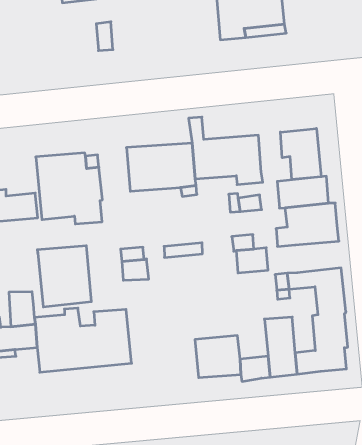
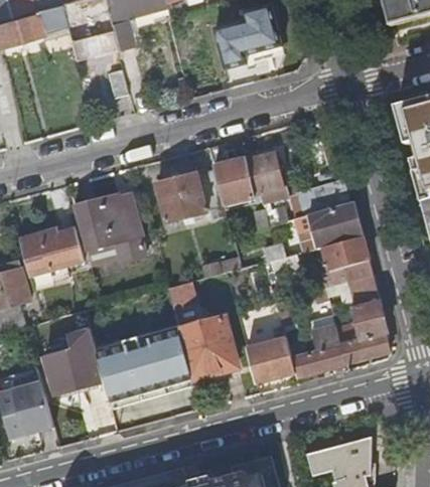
building: [280,128,321,180] -> none
building: none -> [324,235,370,271]
building: [37,246,91,307] -> [178,316,236,378]

